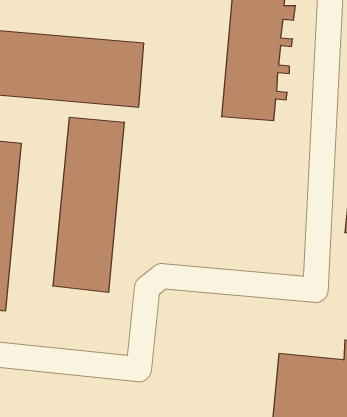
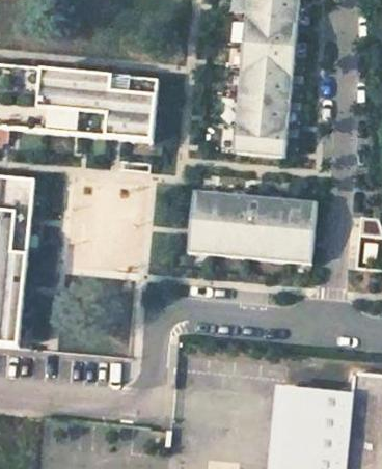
building: [53,117,124,292] -> none
building: none -> [188,190,317,263]

